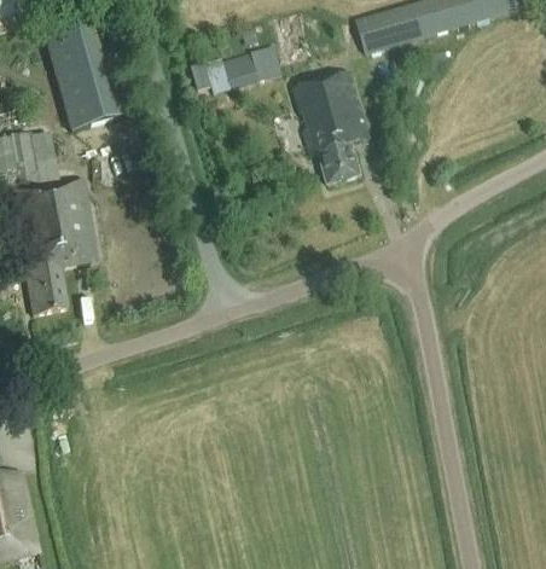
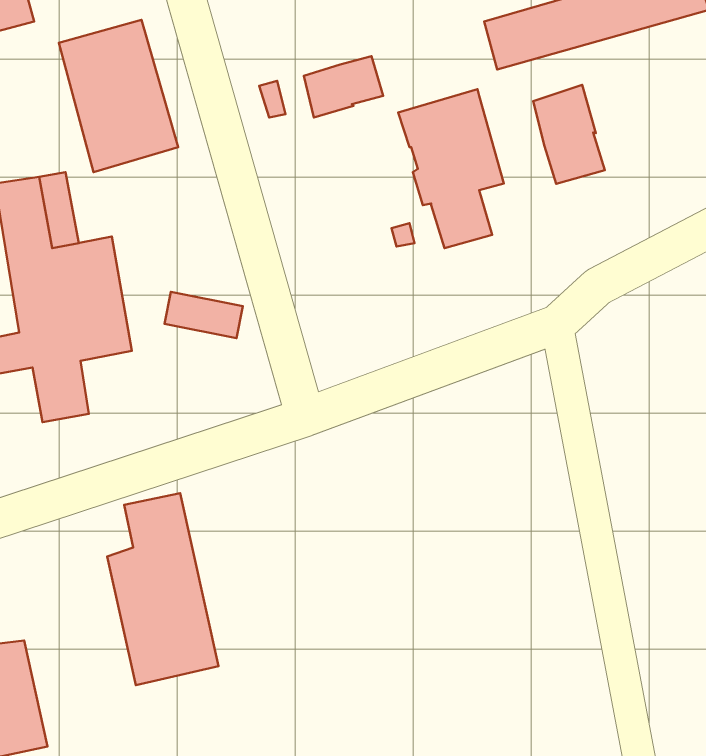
building: none -> [533,85,605,184]
building: none -> [165,292,243,338]
building: none -> [107,493,218,685]

